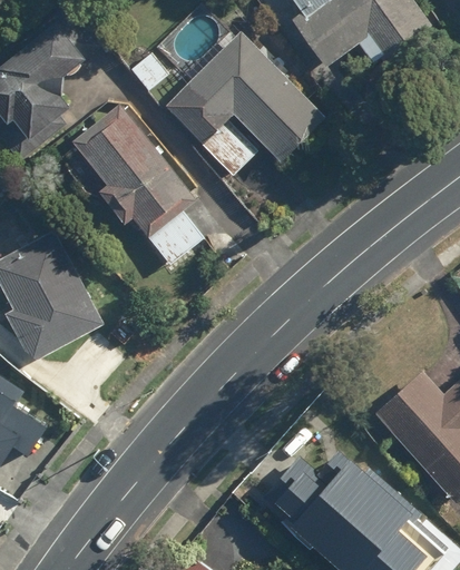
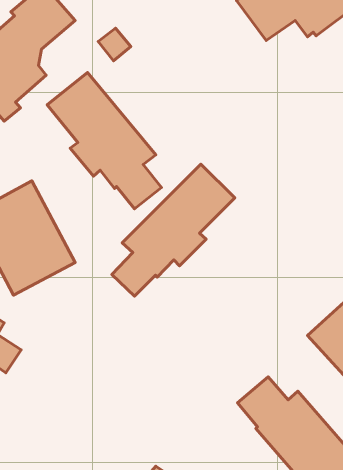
building: [164,32,325,176] -> none
building: none -> [112,164,235,296]

